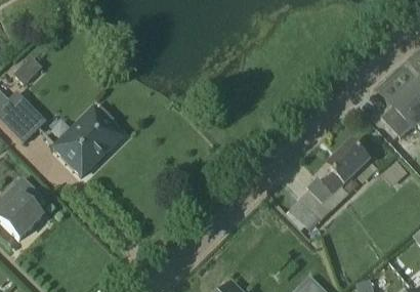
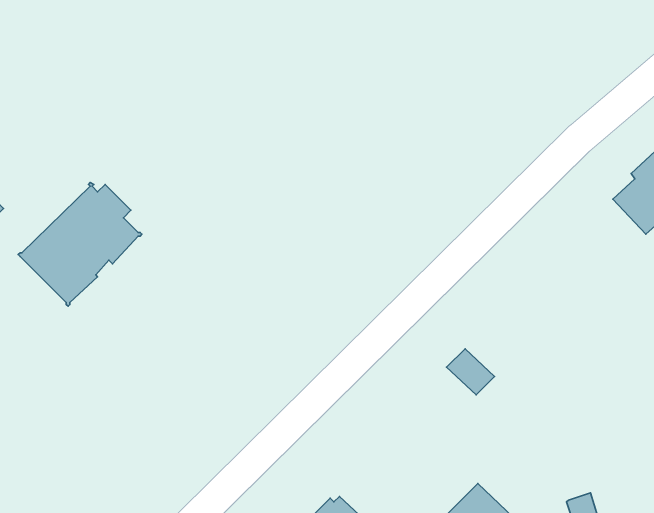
building: [308,139,371,207] -> none

